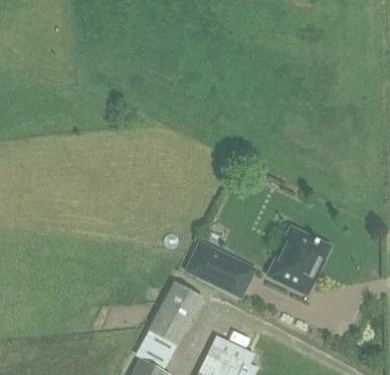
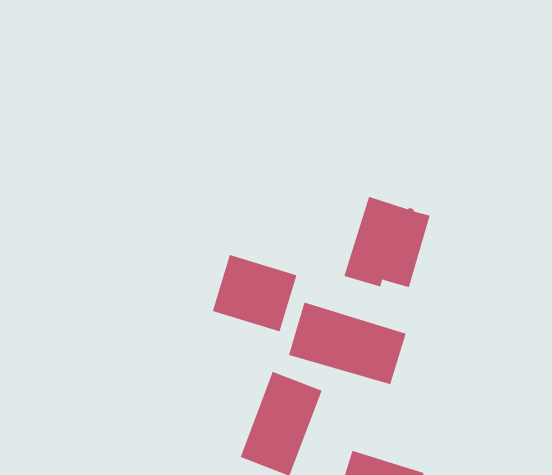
building: none -> [212,254,297,332]
building: [269,228,327,287] -> [344,196,430,288]

